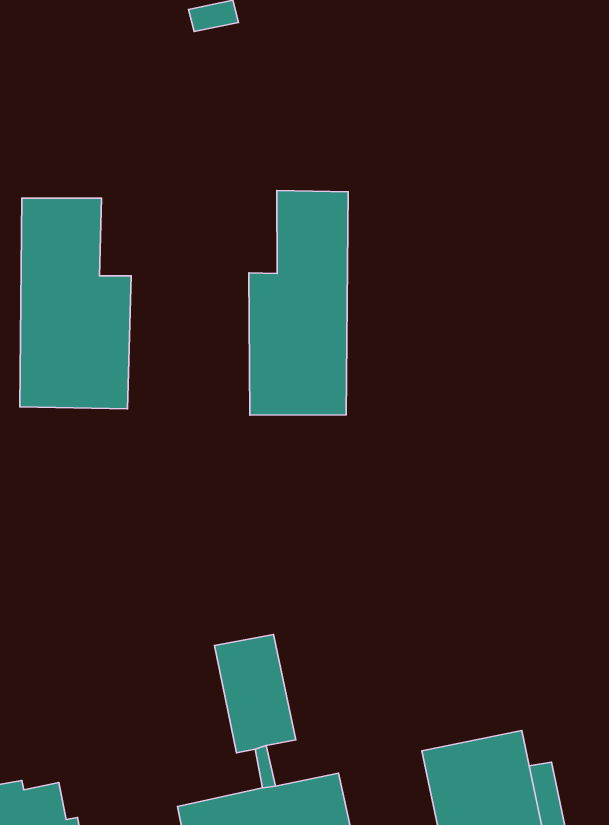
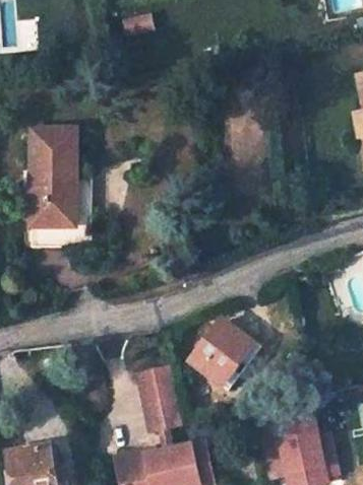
building: [249,191,348,415] -> none
building: none -> [187,323,255,391]

